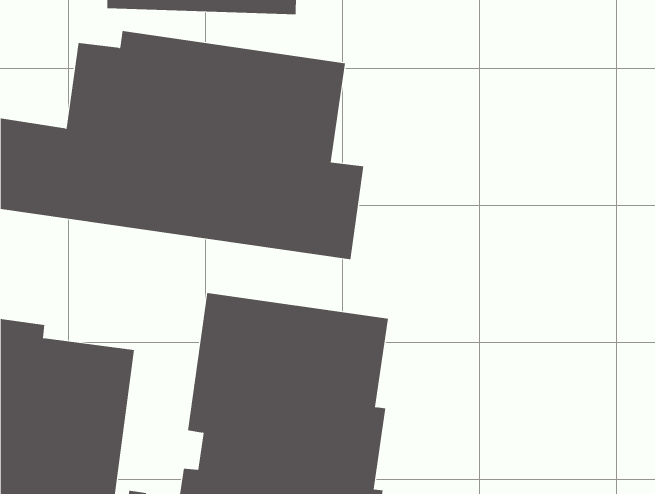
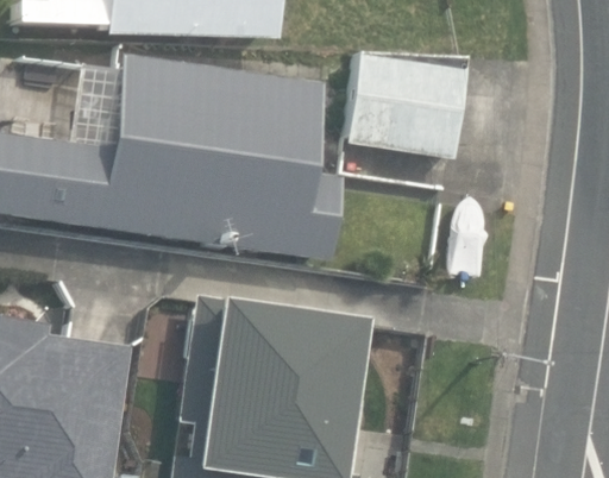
building: none -> [349,52,464,157]

